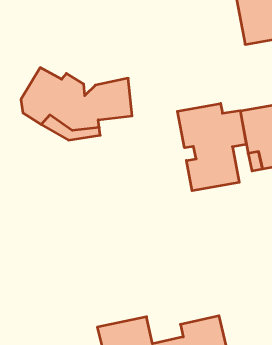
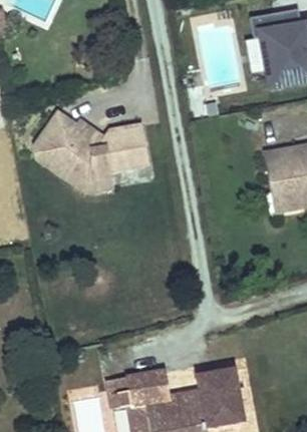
building: [177,103,246,191] -> none

